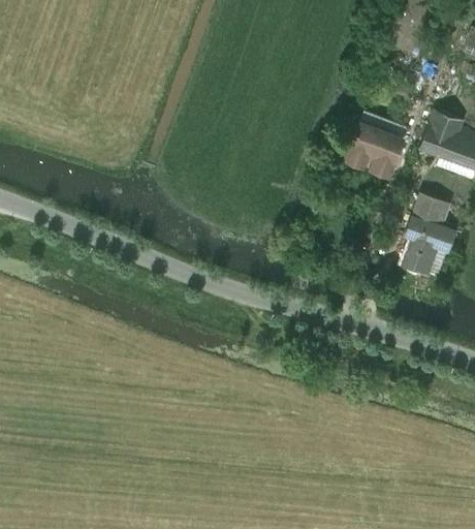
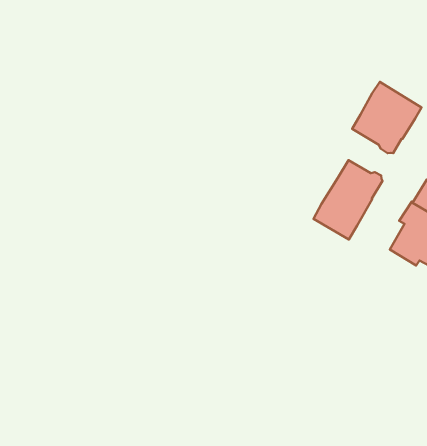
building: none -> [313,160,383,239]

